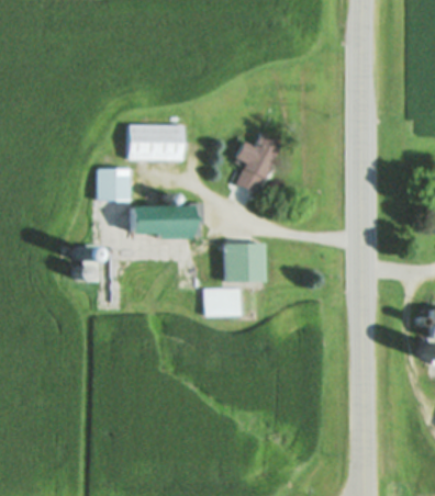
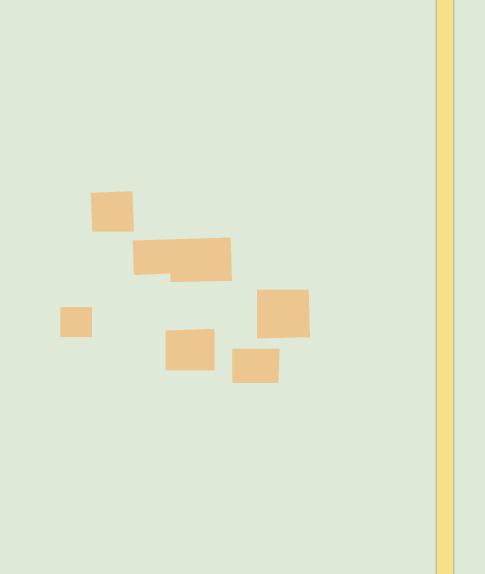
building: [129,125,183,161] -> none
building: [235,132,281,192] -> none
building: none -> [165,328,216,371]

